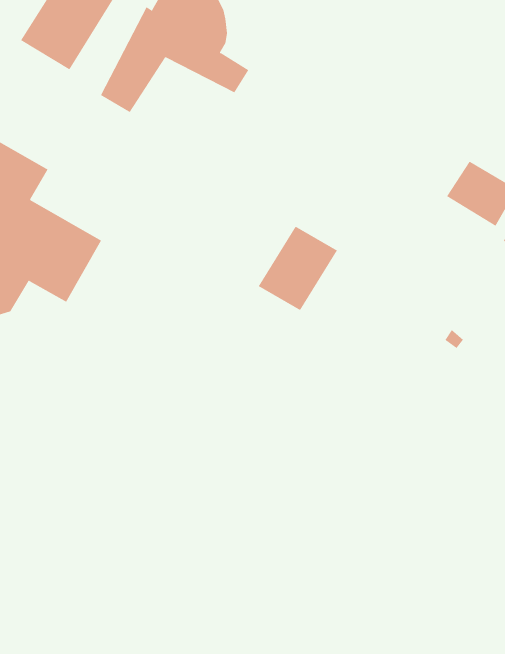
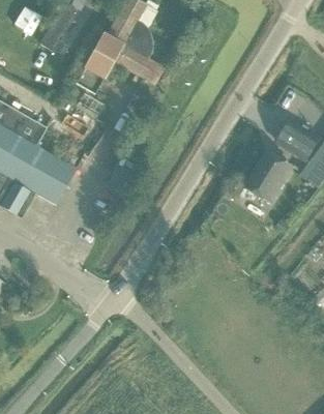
building: [258,226,338,311] -> [245,151,292,201]

